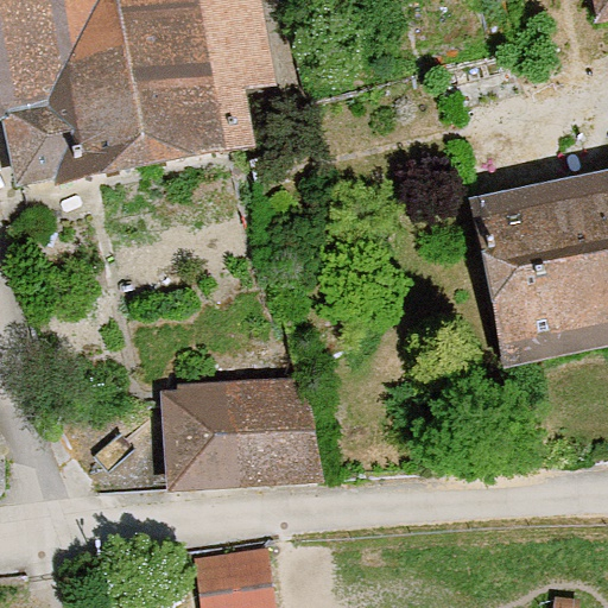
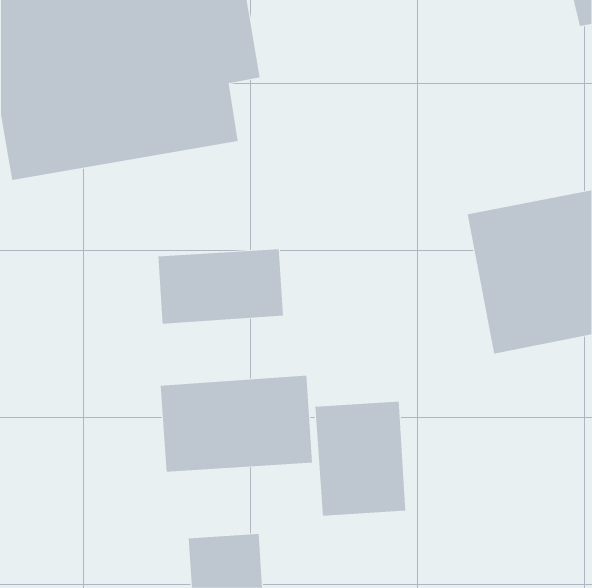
building: none -> [158,249,284,325]
building: none -> [315,401,406,517]

